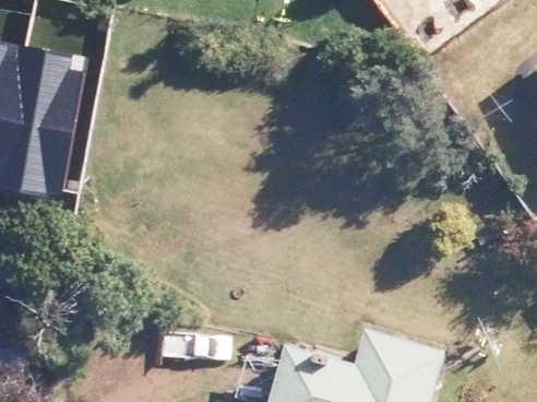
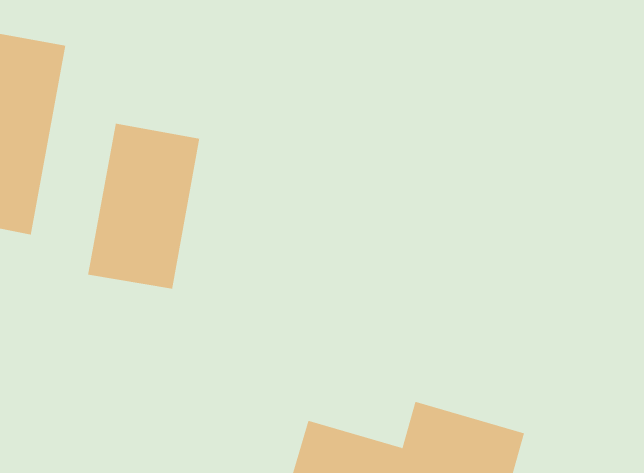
building: none -> [87,123,200,289]

